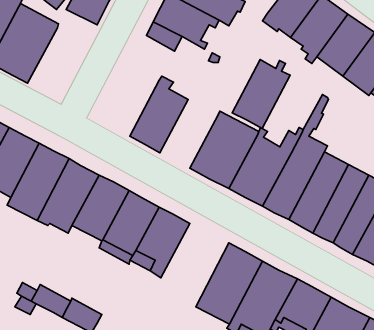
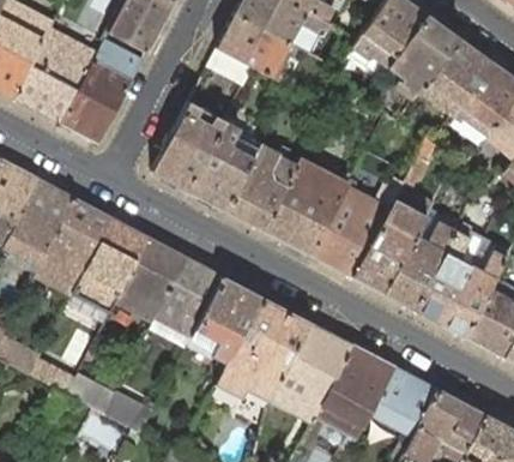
building: none -> [61,40,143,143]
building: [232,60,290,128] -> [225,144,297,229]
building: none -> [152,101,224,190]
building: none -> [217,298,310,401]

